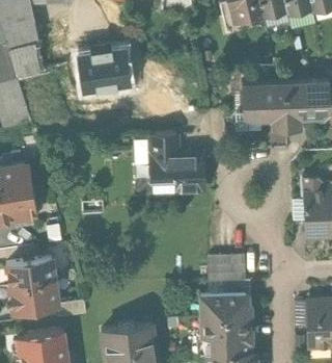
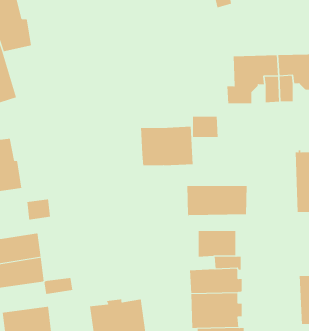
building: [77,47,132,93] -> none
building: [151,131,177,152] -> [192,116,219,137]
building: none -> [187,185,247,216]

